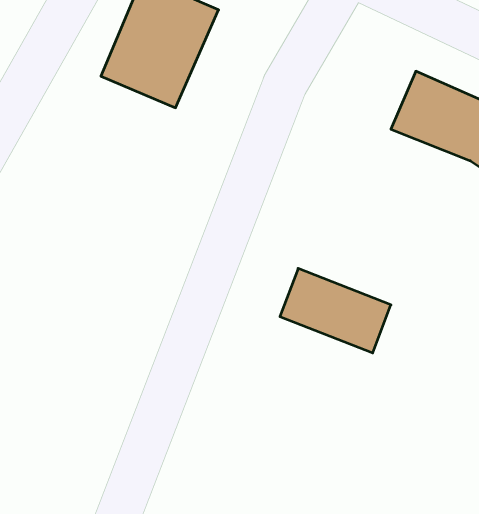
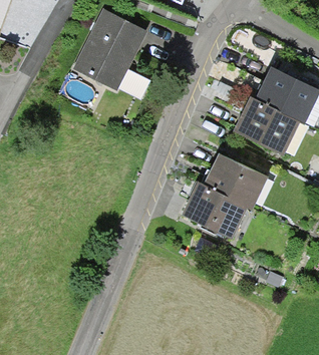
building: none -> [230,99,298,150]
building: none -> [202,154,275,215]

